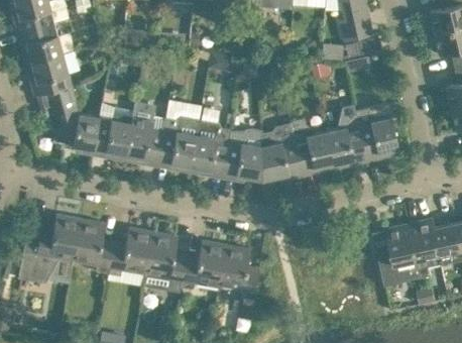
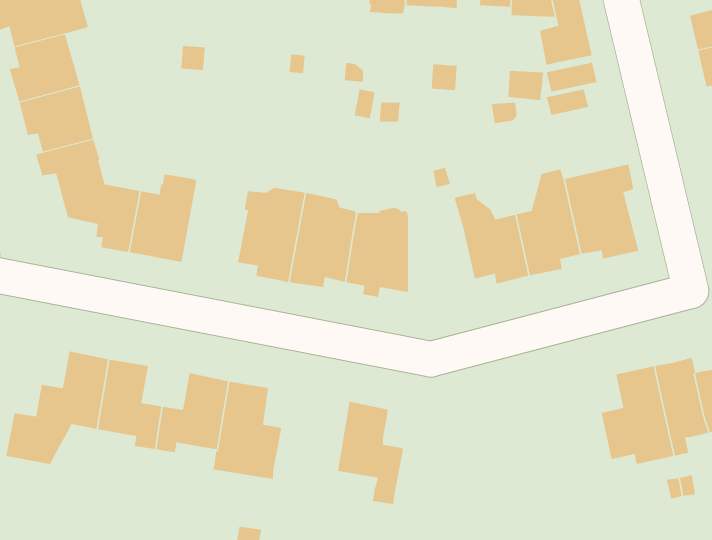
building: [125,101,164,162] -> none
building: [262,122,302,181] -> none
building: [181,240,226,289] -> none

